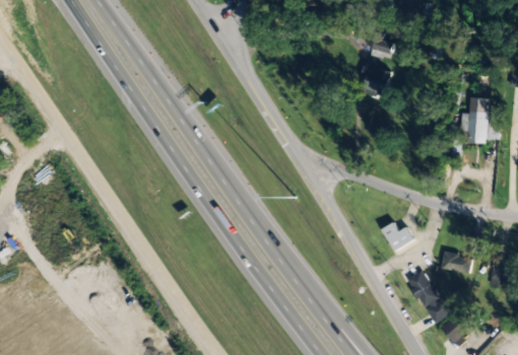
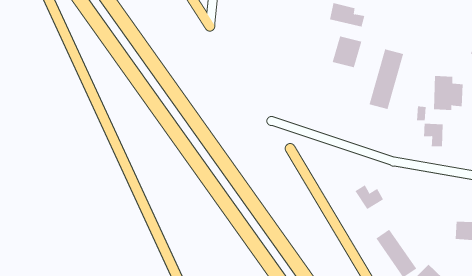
building: none -> [369,48,404,110]
building: none -> [423,123,443,147]
building: [442,251,473,273] -> none

